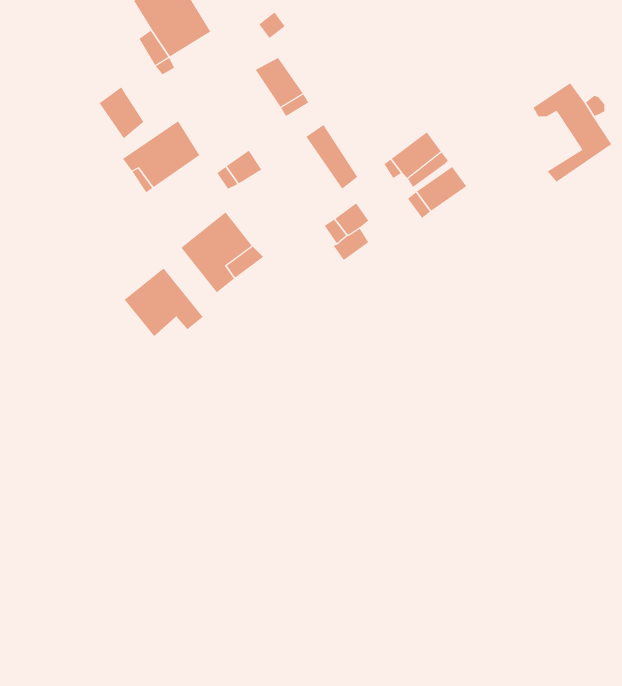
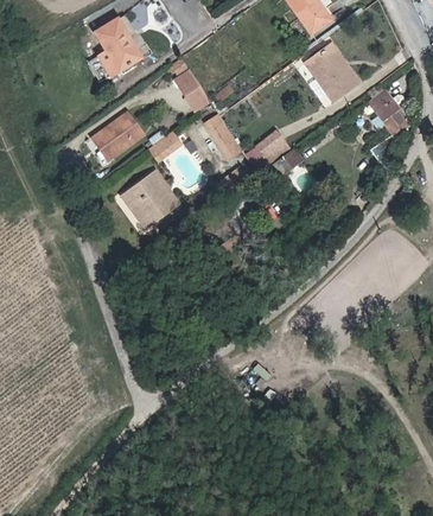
building: none -> [310,43,357,95]
building: [99,86,144,139] -> none
building: [124,267,203,337] -> none

